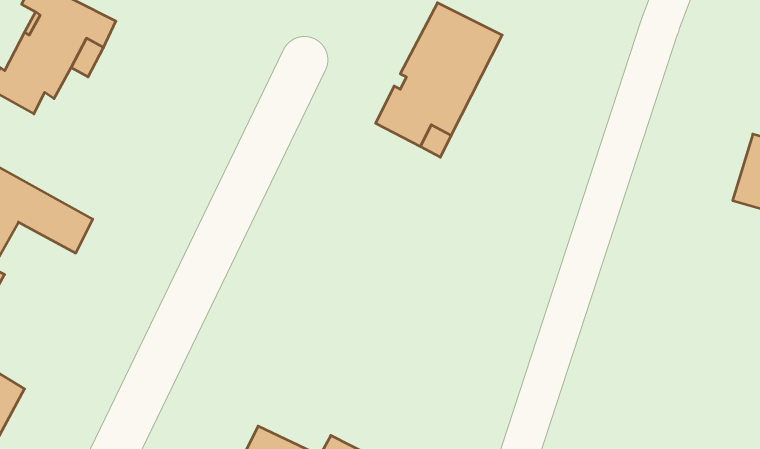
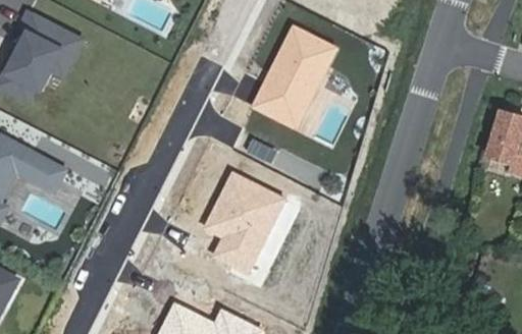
building: none -> [204,172,284,272]

